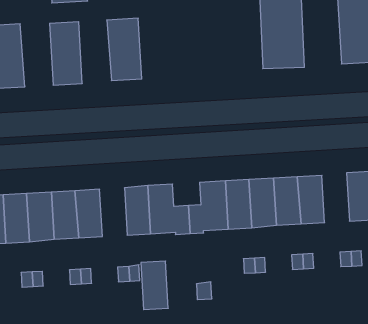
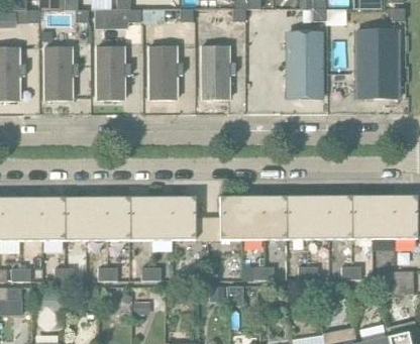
building: none -> [201,46,227,100]
building: none -> [332,196,354,239]
building: [141,261,168,310] -> [132,198,154,240]

